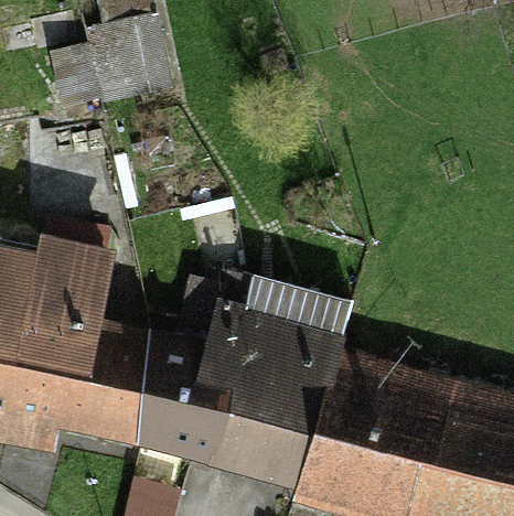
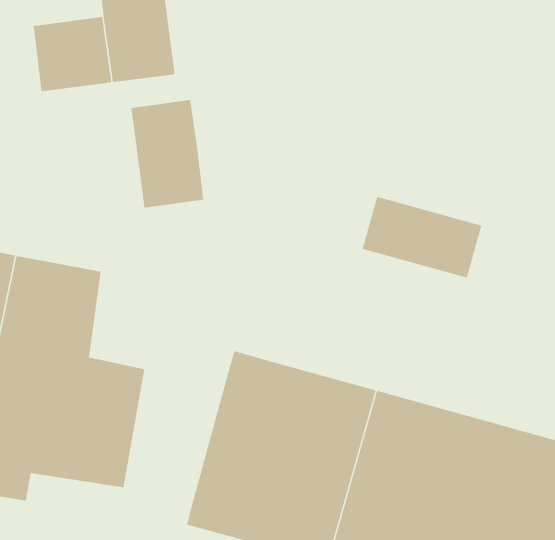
building: none -> [131,99,204,208]
building: [245,284,345,353] -> [362,196,482,278]
building: [122,335,206,452] -> none

